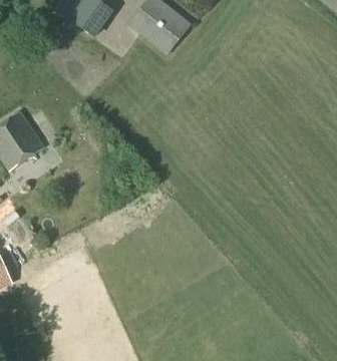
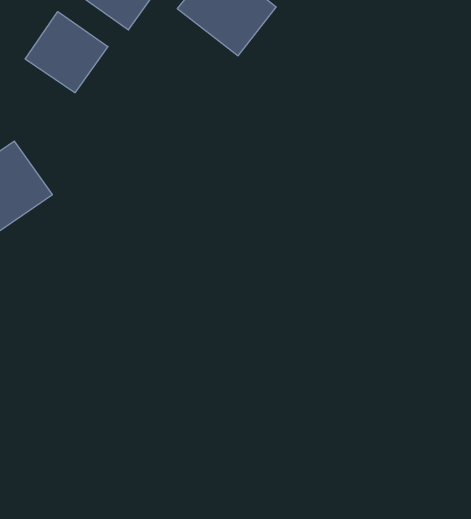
building: none -> [25,12,108,93]

